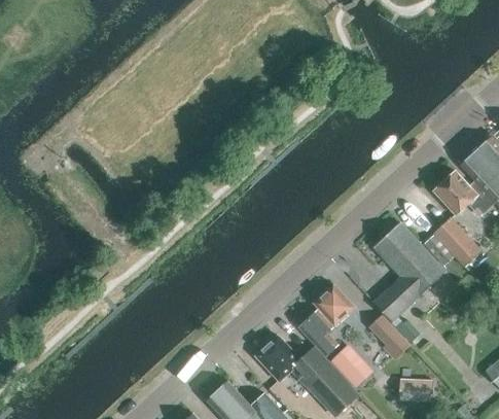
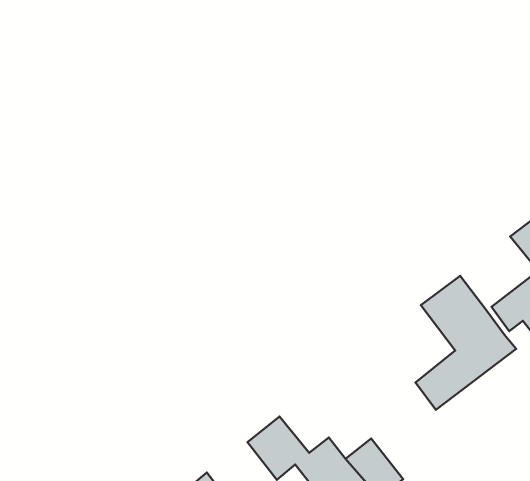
building: [300,284,355,356] -> none
building: [369,315,411,360] -> none

